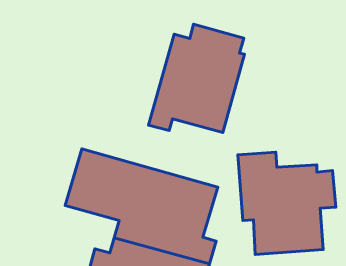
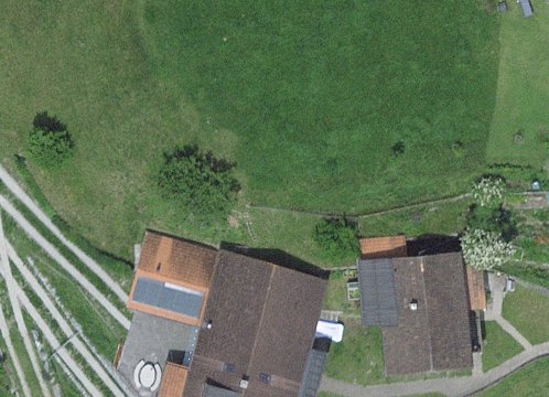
building: [148,24,245,133] -> none

